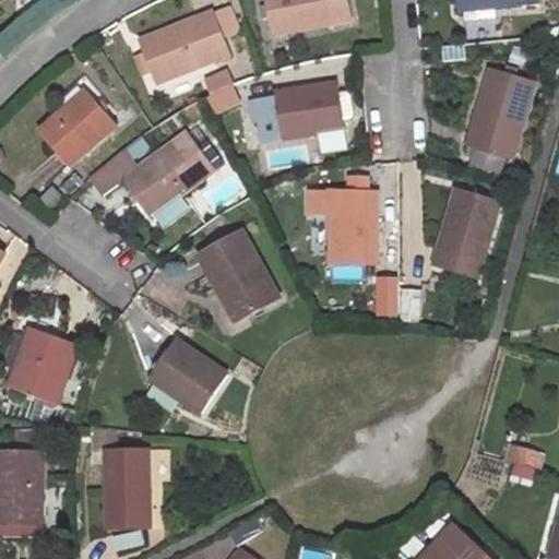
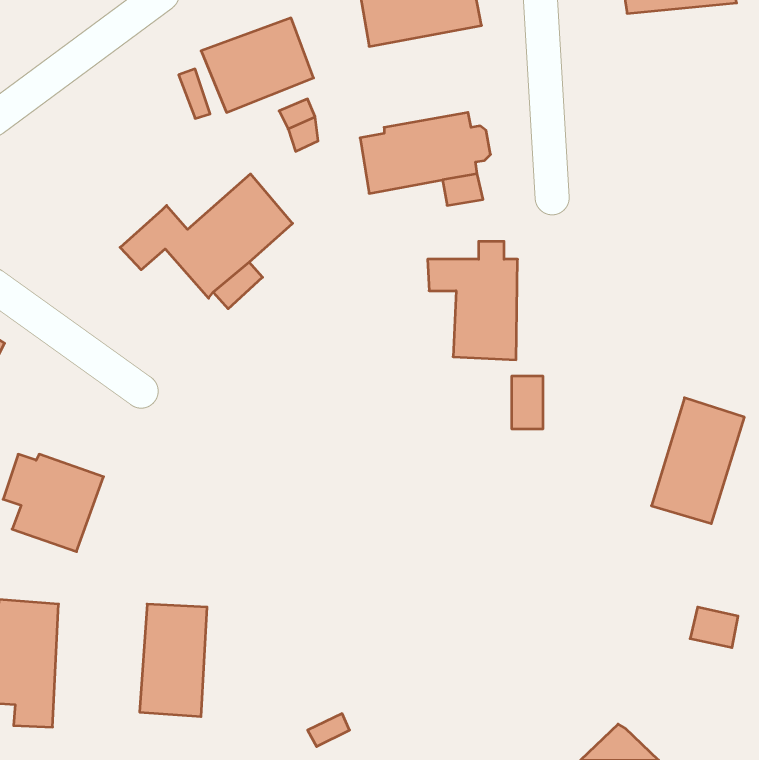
building: [467,68,536,159] -> none
building: [39,92,116,167] -> none
building: [431,189,499,281] -> [651,398,744,524]
building: [198,228,275,318] -> none
building: [154,341,229,413] -> none

